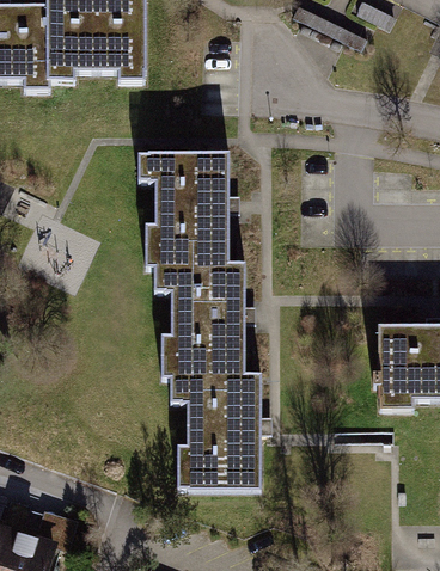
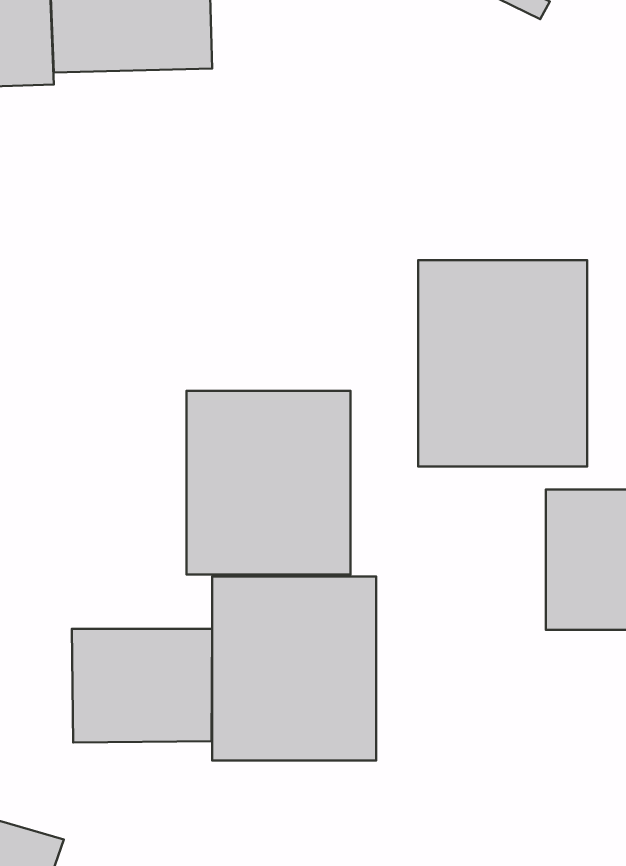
building: [128,154,228,264] -> none
building: none -> [418,260,587,467]
building: none -> [72,629,212,743]

